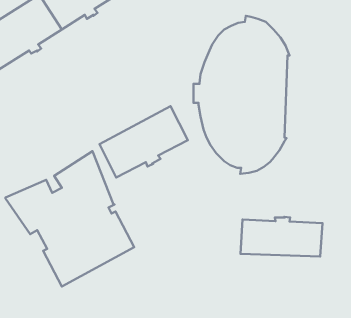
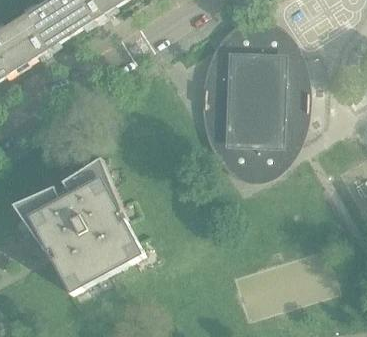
building: [100,106,188,178] -> none
building: [241,217,322,257] -> none

